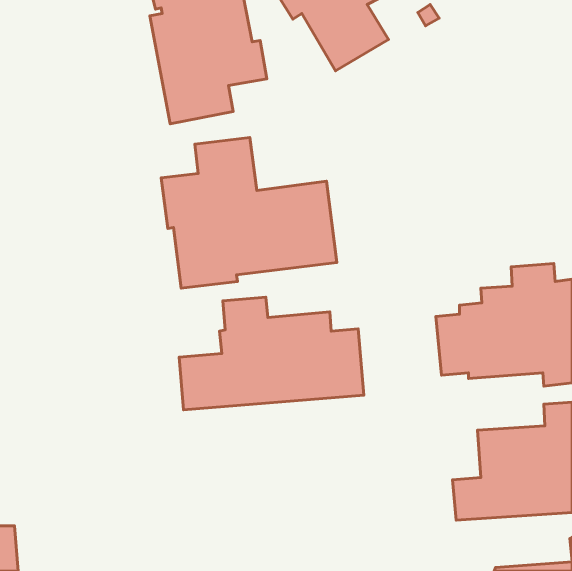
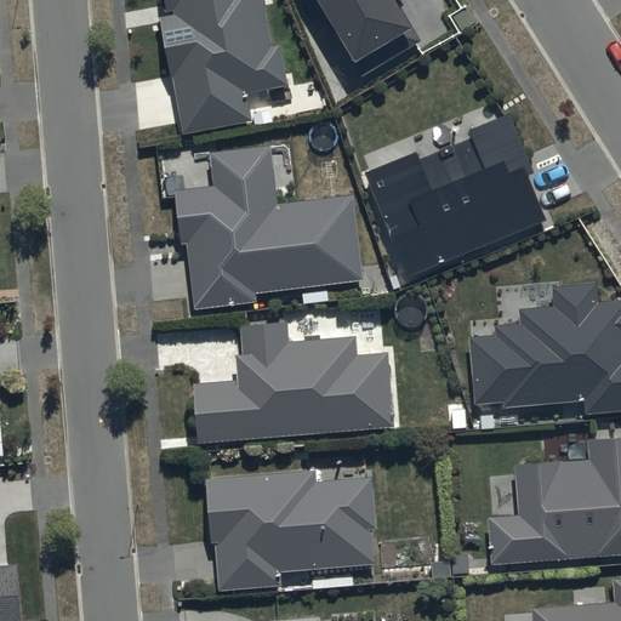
building: none -> [365,110,541,272]
building: none -> [206,472,378,592]

